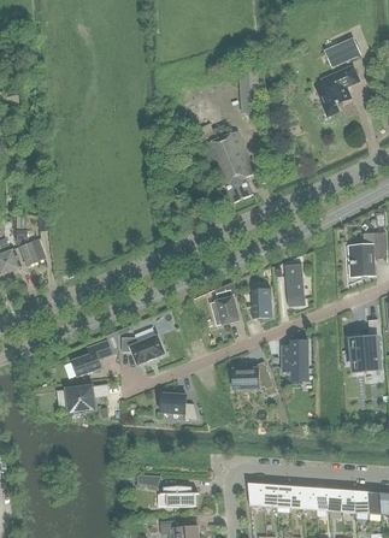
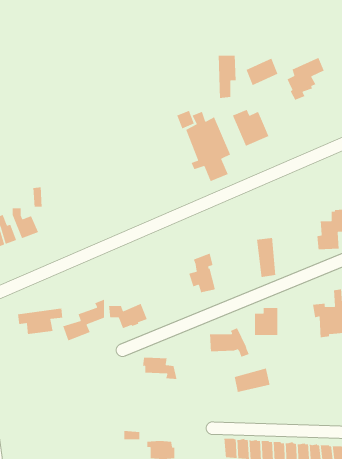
building: [324,36,360,67] -> [246,58,278,86]
building: none -> [232,109,269,147]
building: [251,288,271,318] -> none
building: [57,383,107,413] -> [17,307,63,335]
building: none -> [234,368,270,393]

